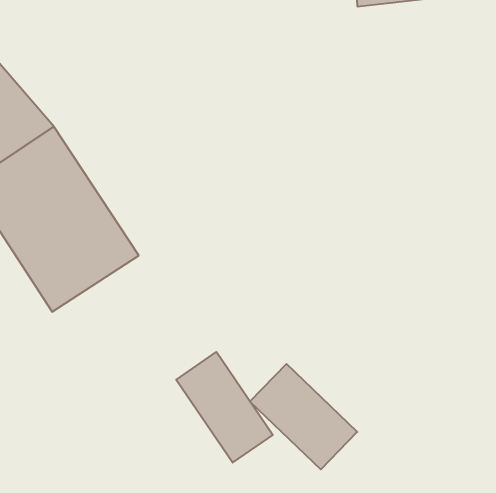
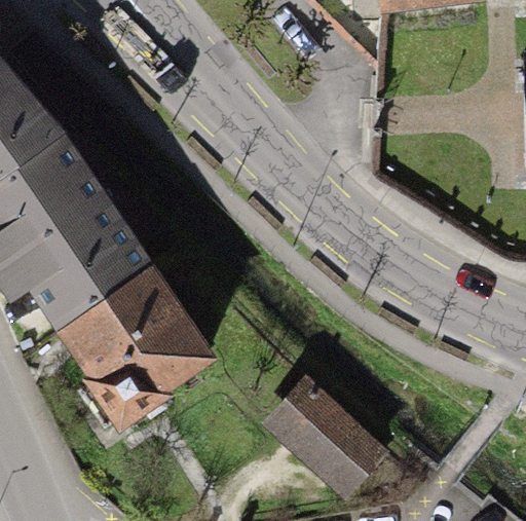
building: none -> [60,267,206,423]
building: [176,352,273,463] -> none

